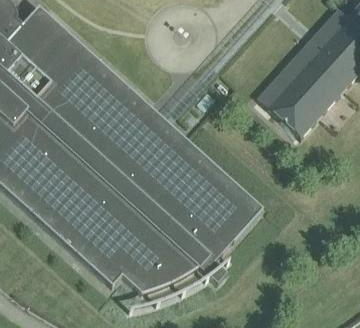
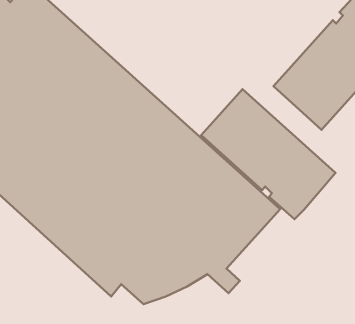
building: none -> [201,89,336,219]

